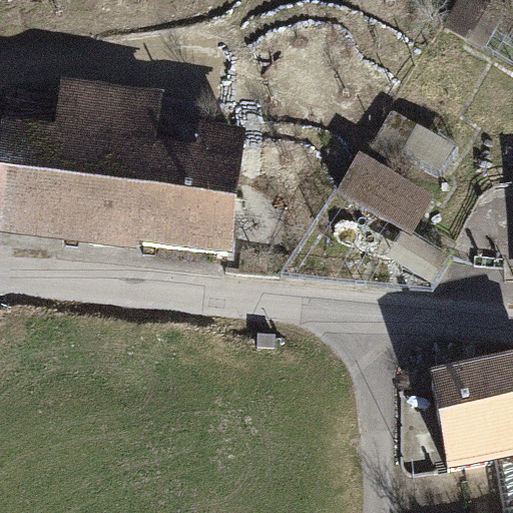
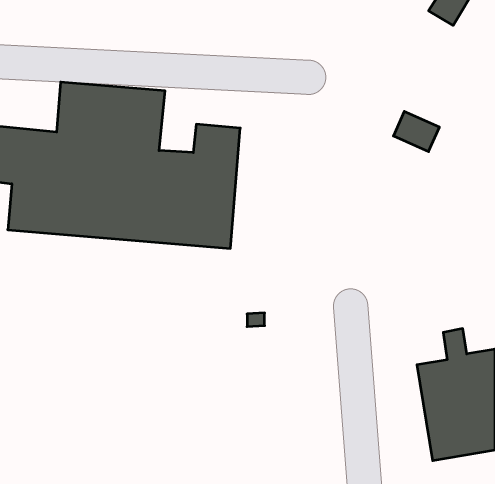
building: [341,151,432,228] -> none

